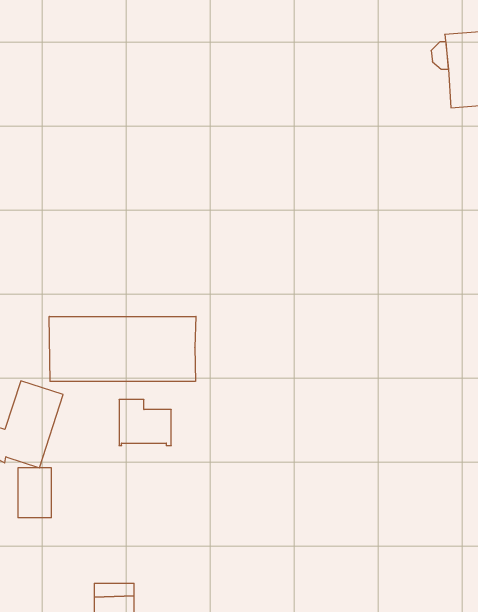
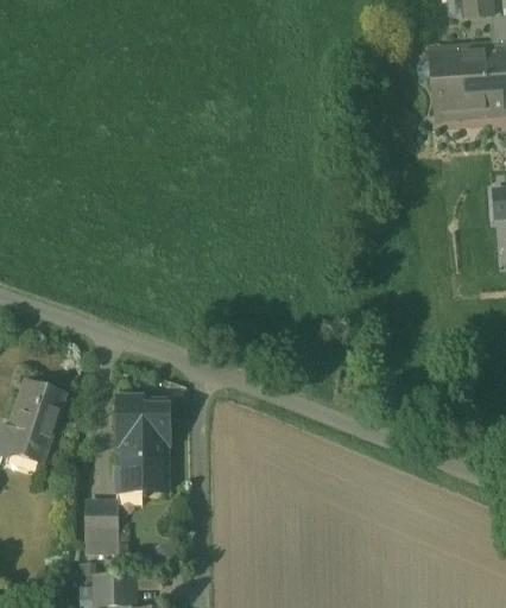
building: [49,316,196,381] -> none
building: none -> [115,439,165,490]
building: [18,468,51,518] -> [84,502,116,550]

